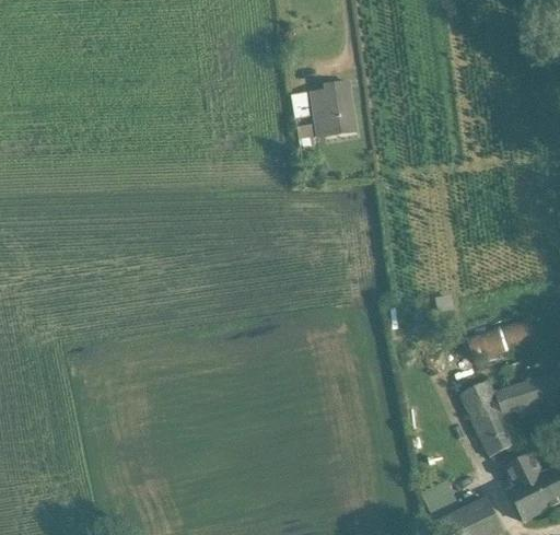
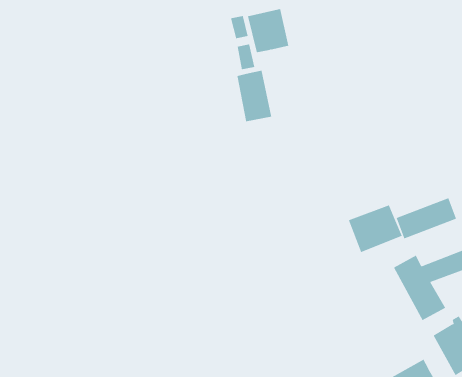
building: none -> [237,70,272,122]
building: none -> [348,205,402,253]

